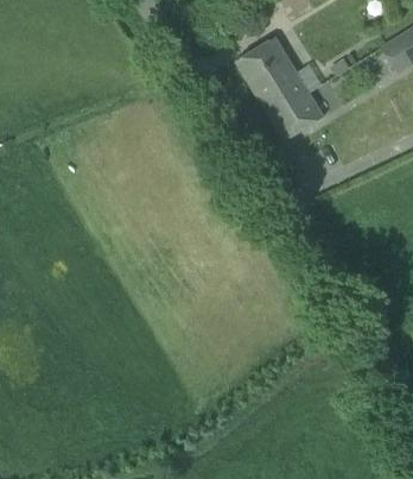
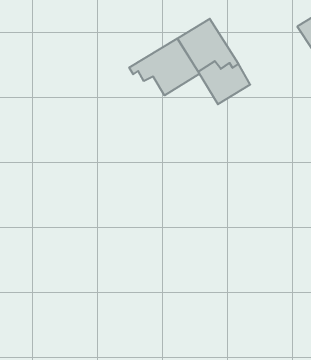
building: none -> [129,38,199,95]

